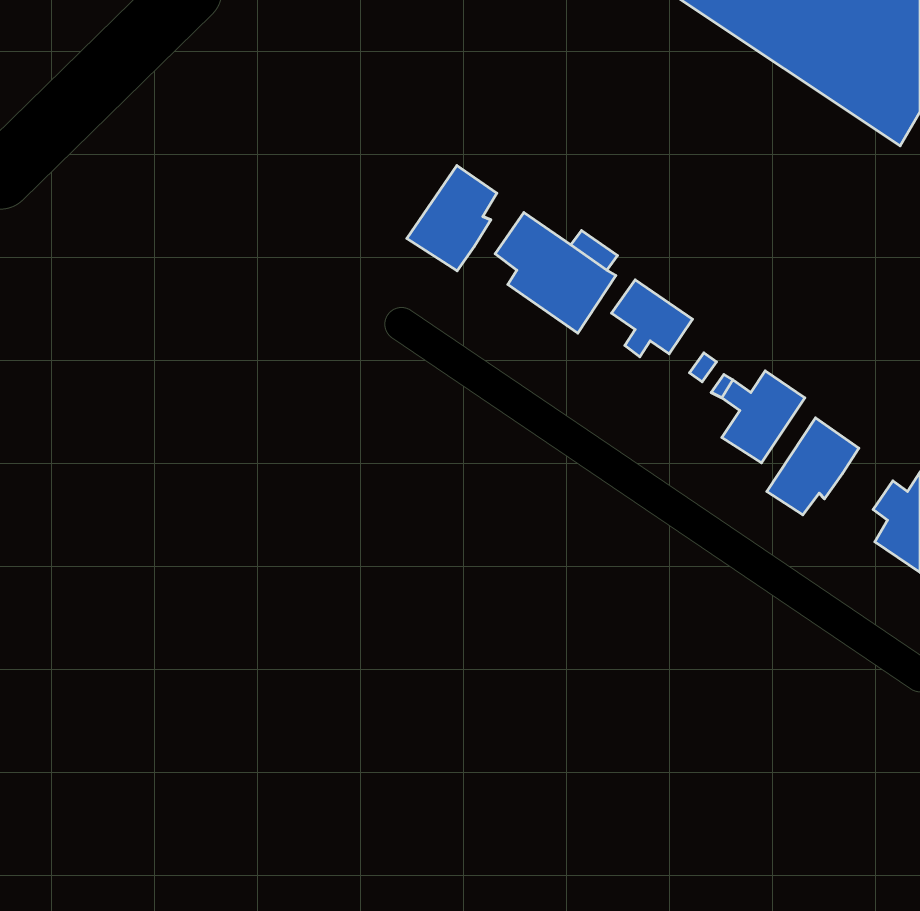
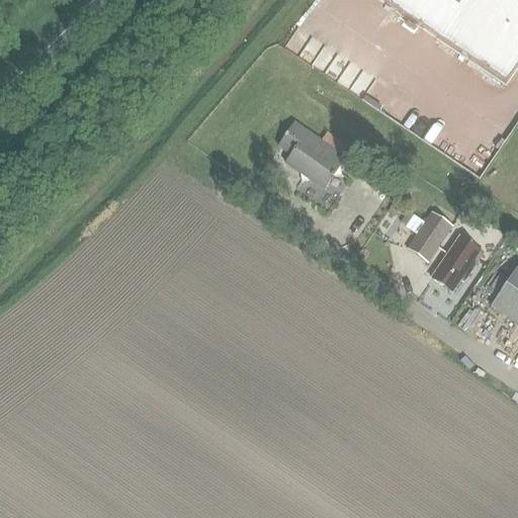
building: [407,165,497,271] -> none
building: [611,280,692,357] -> none

